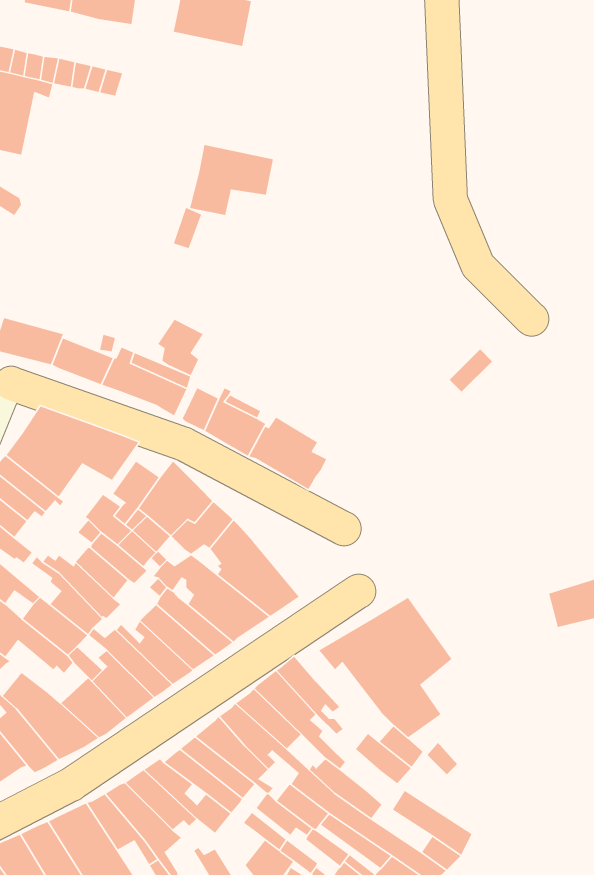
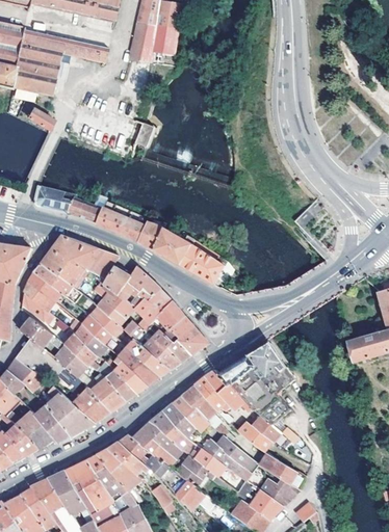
building: [189,144,274,216] -> [128,24,176,64]
building: [157,319,204,376] -> none
building: none -> [205,369,254,411]

